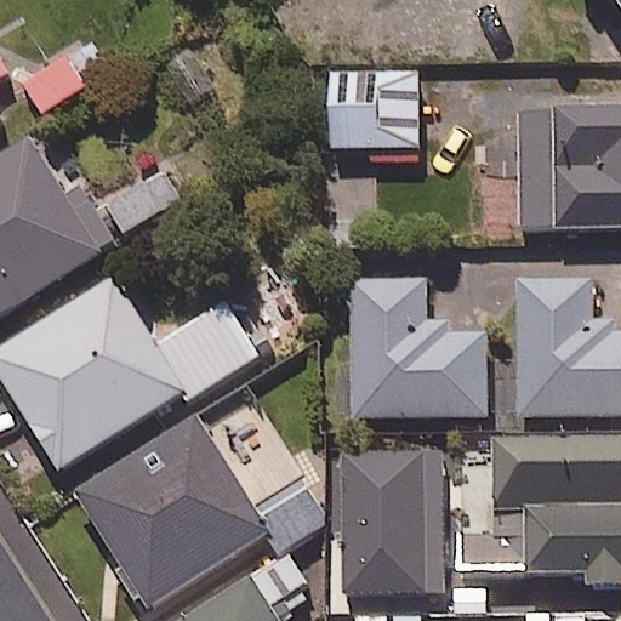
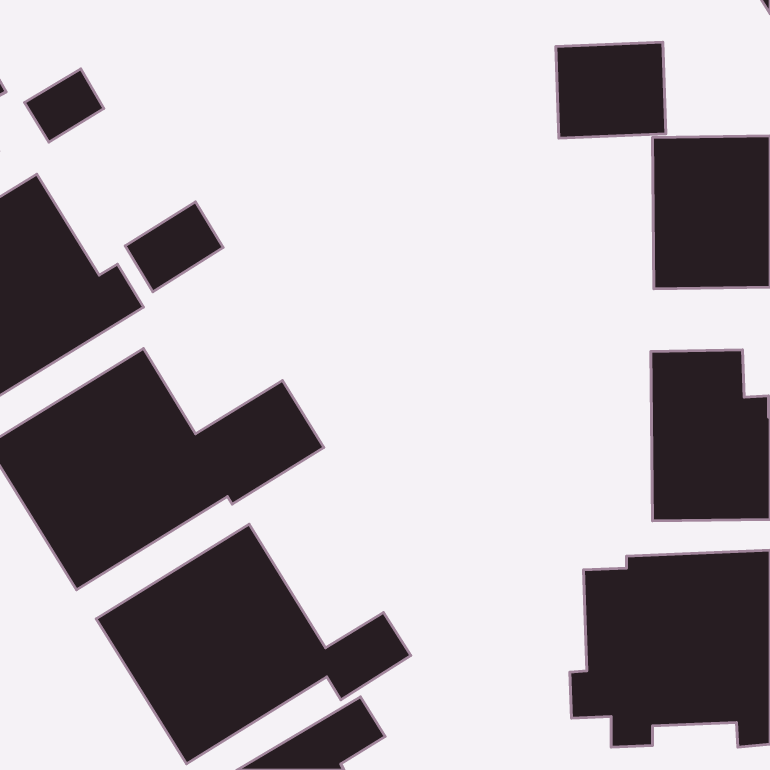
building: [330,70,417,147] -> [556,42,666,138]
building: [351,278,484,416] -> none
building: [340,451,440,593] -> none

